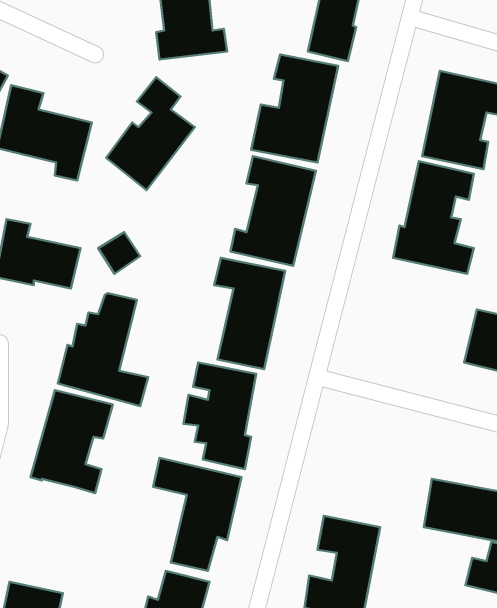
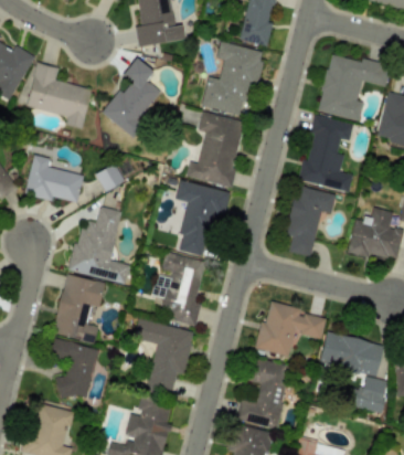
building: none -> [285,186,336,256]
building: none -> [256,300,326,357]
building: none -> [50,338,99,399]

